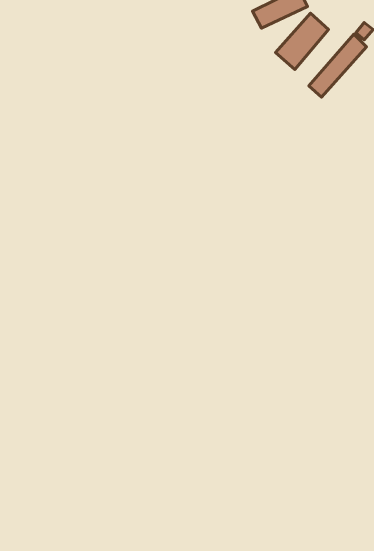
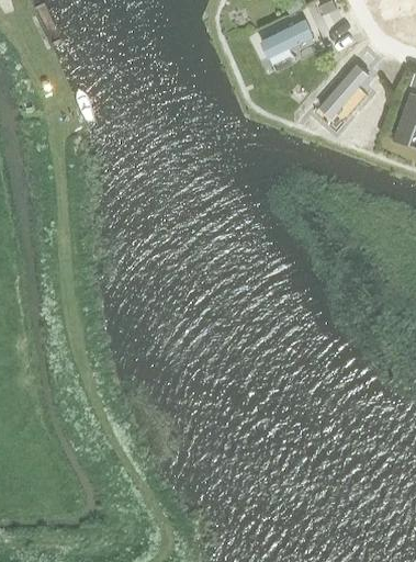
building: [276,13,329,70] -> none

